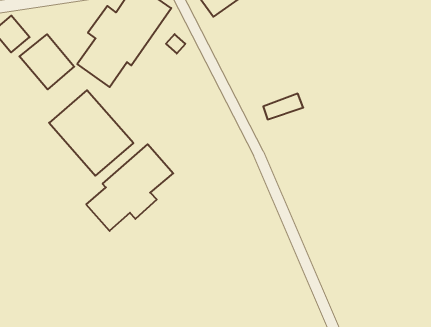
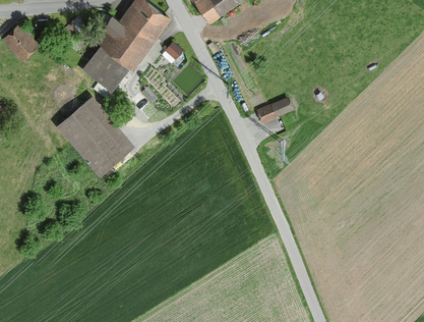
building: [19,34,74,89] -> none
building: [86,144,173,231] -> none

